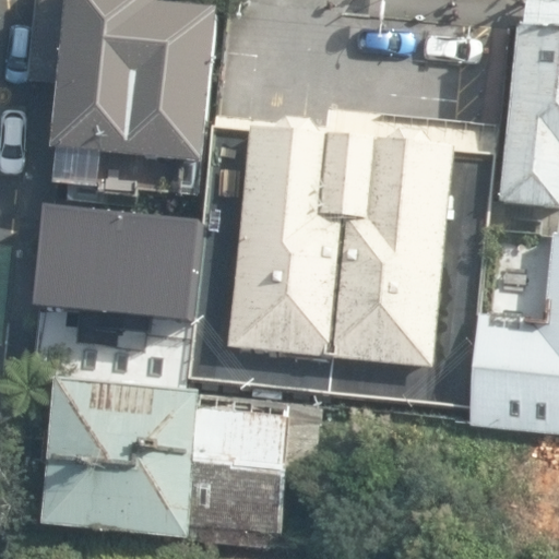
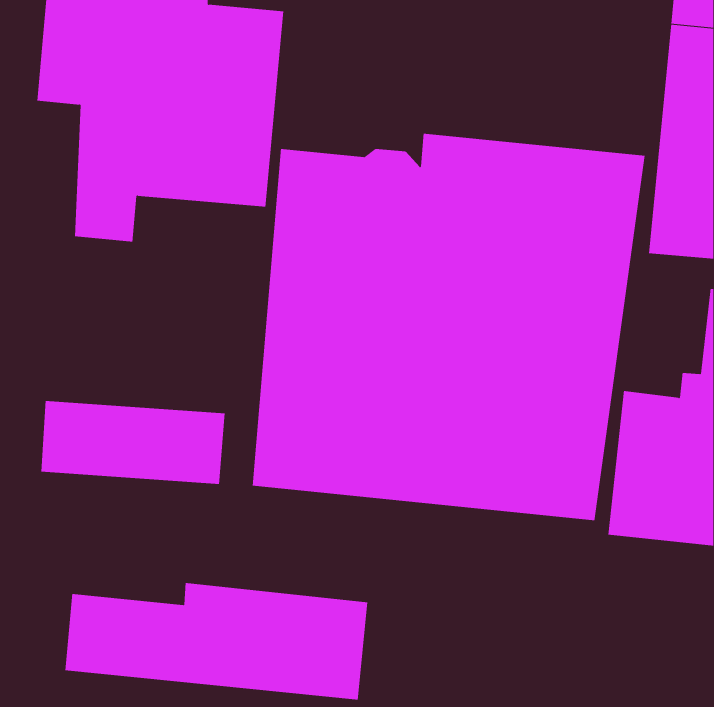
building: [31,206,188,317] -> none
building: [45,380,331,472] -> none

